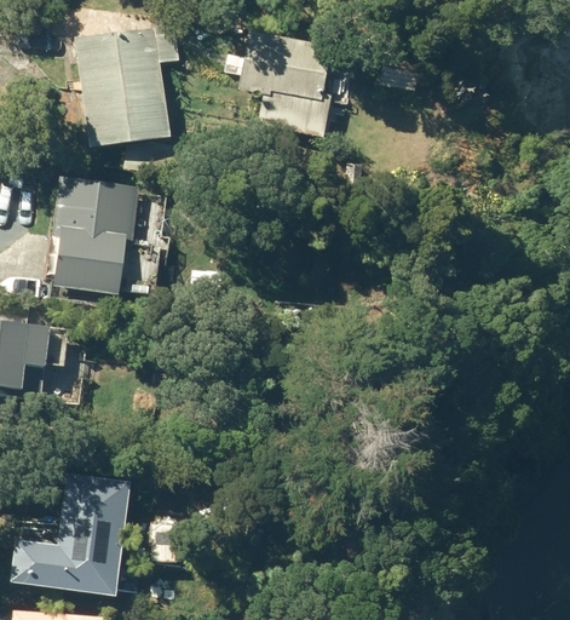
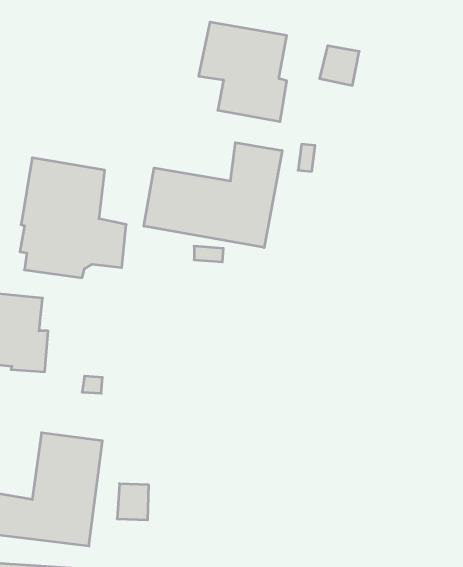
building: [74,24,178,177] -> none
building: none -> [144,143,282,248]

